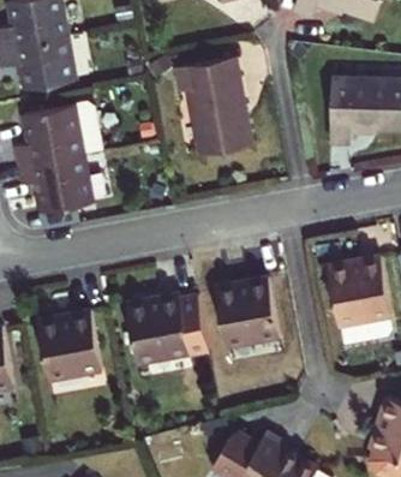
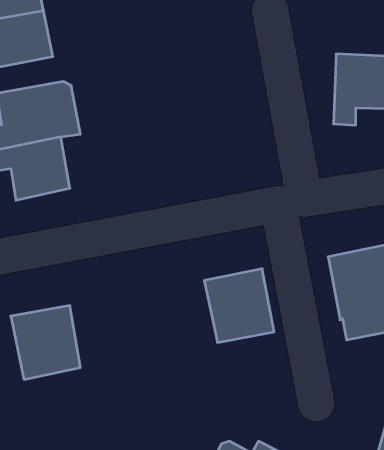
building: [175,59,251,157] -> none
building: [124,292,207,359] -> none

